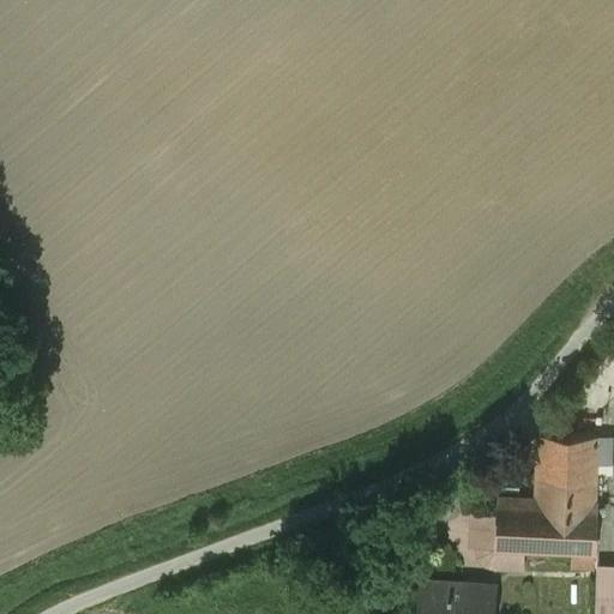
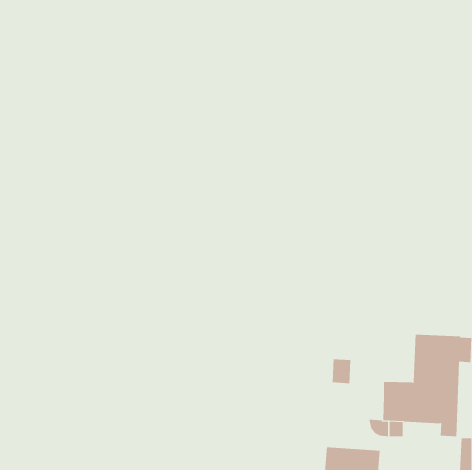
building: [472,516,498,548] -> [332,359,351,384]

